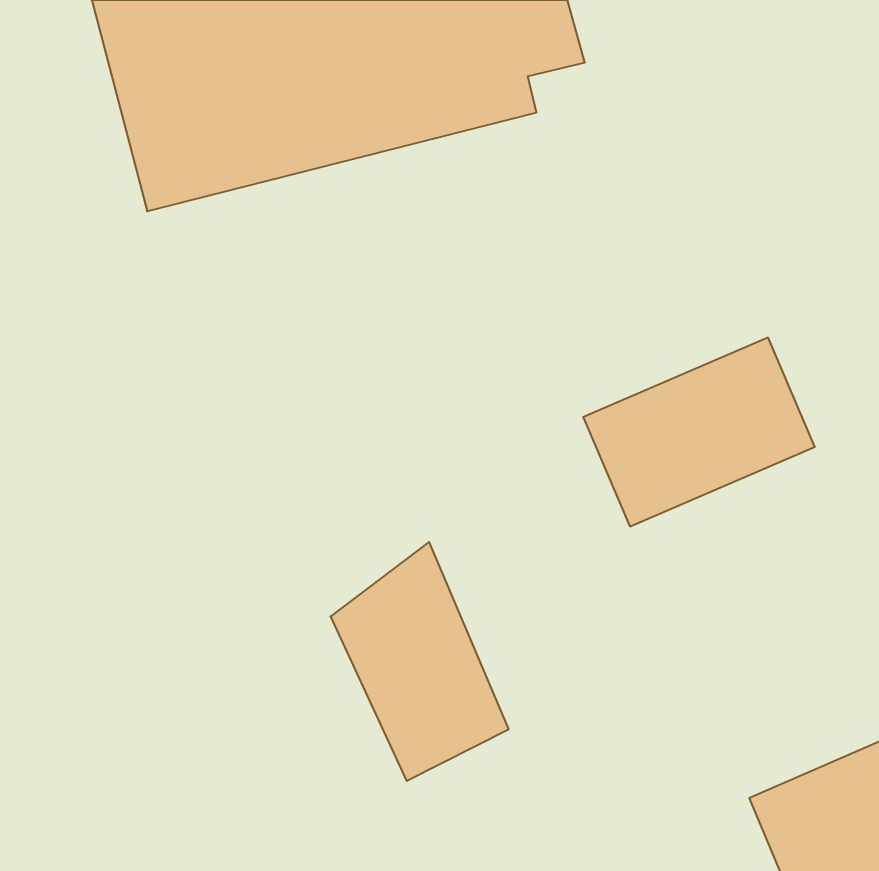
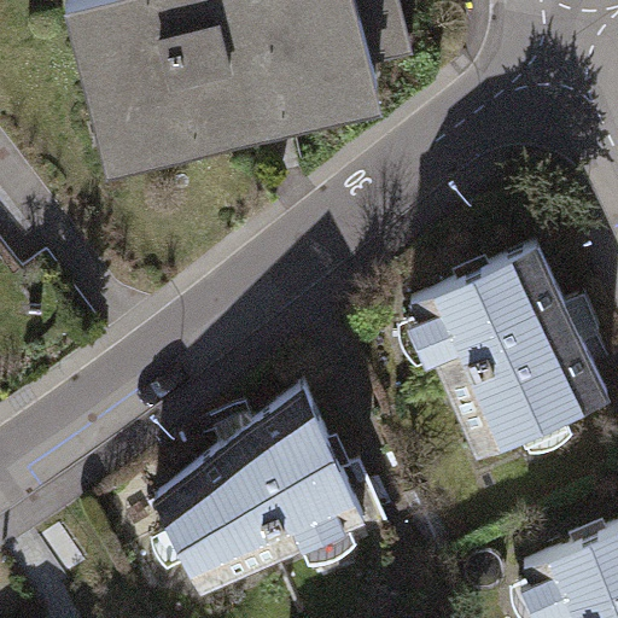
building: none -> [443,321,606,454]
building: none -> [157,439,287,590]

